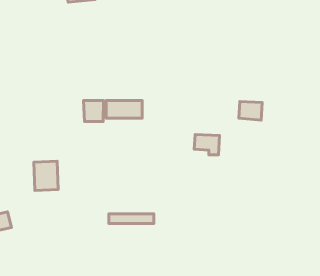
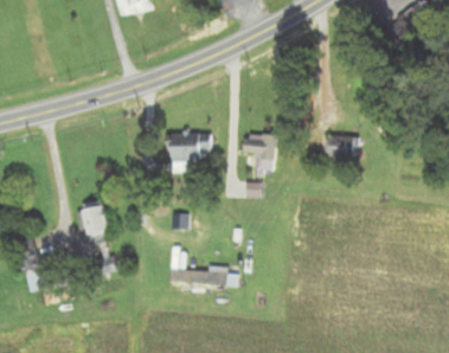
building: [84,101,104,121] -> none
building: [194,134,220,155] -> [243,133,274,158]

